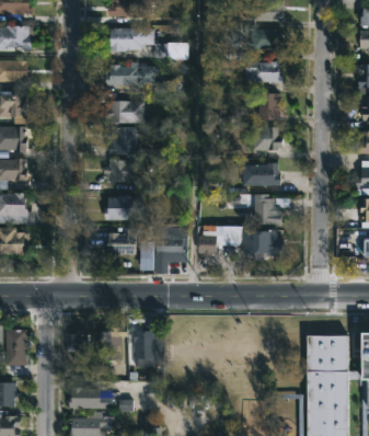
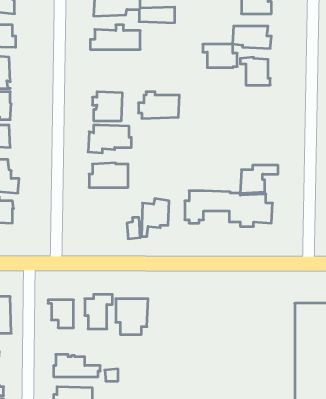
building: [104,99,145,125] -> [138,92,179,118]
building: [249,128,282,151] -> [203,44,237,68]
building: [242,164,281,188] -> none
building: [105,229,138,255] -> none

